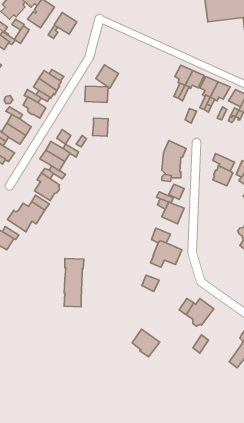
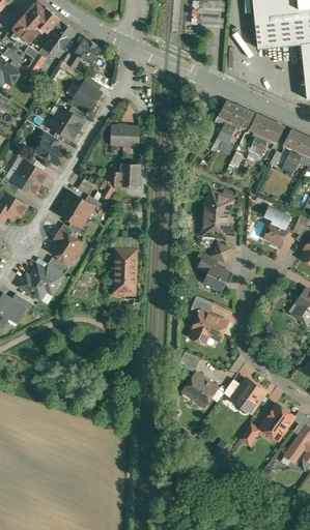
building: [96,65,119,88] -> [74,82,101,110]
building: [64,258,84,307] -> [114,237,138,295]
building: none -> [260,403,294,436]
building: [132,329,160,357] -> [185,372,218,405]

